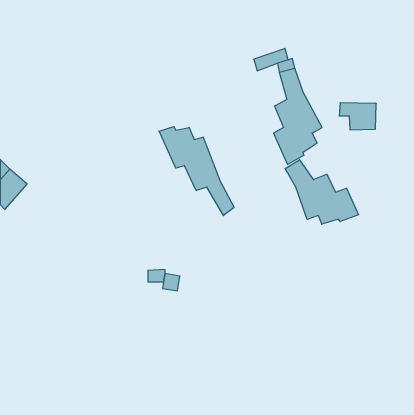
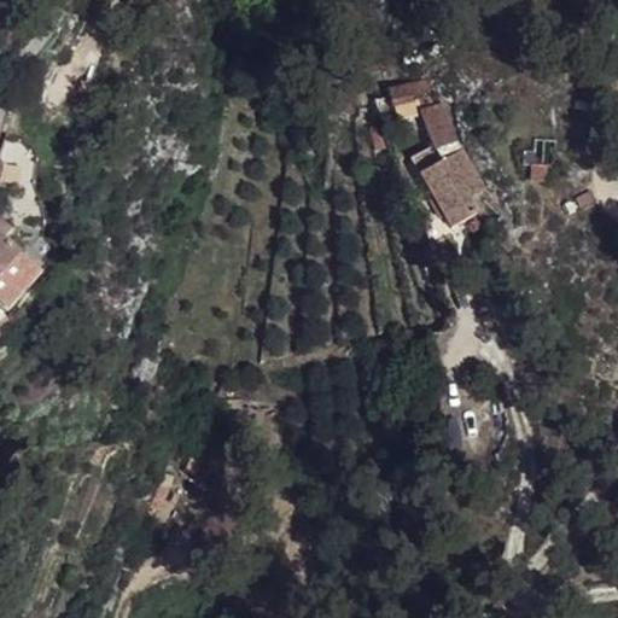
building: [159,127,234,216] -> none
building: [285,160,358,224] -> none

